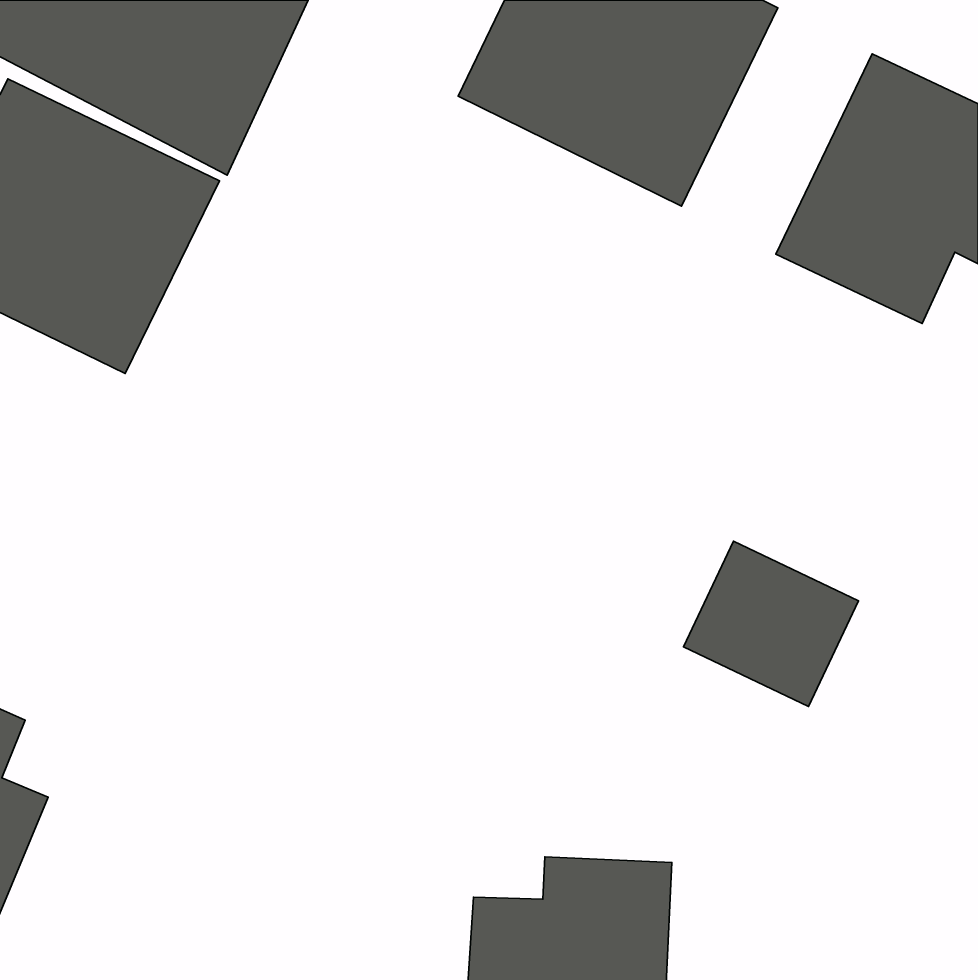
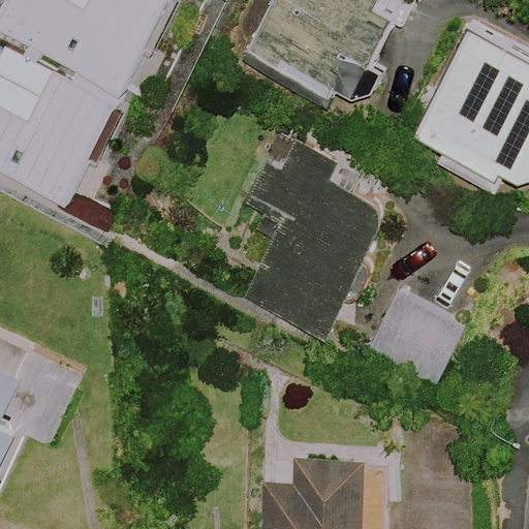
building: none -> [246,139,385,334]

